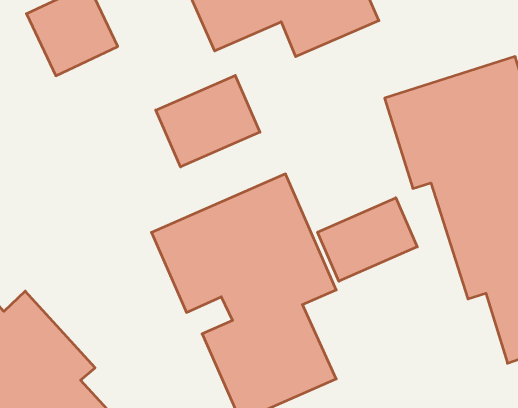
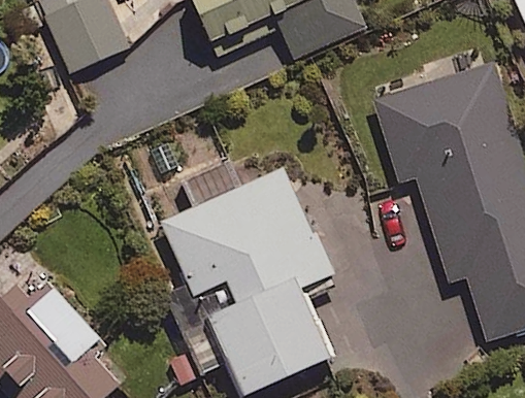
building: [156,75,260,167] -> none
building: [318,198,417,281] -> none

